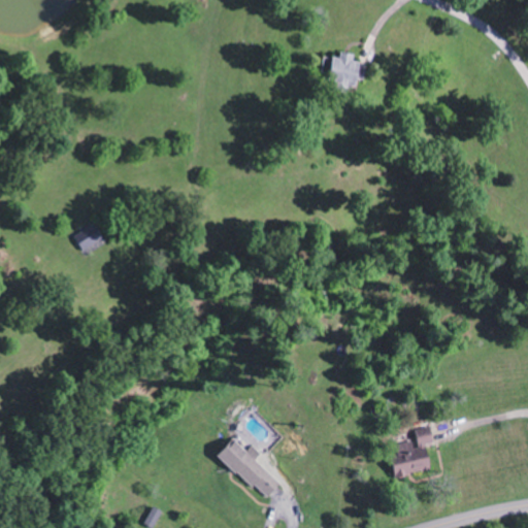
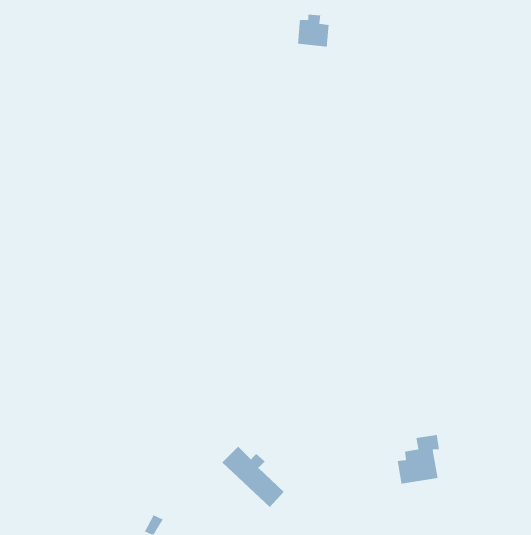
building: [330,53,362,86] -> [297,14,330,47]
building: [71,225,101,252] -> none

